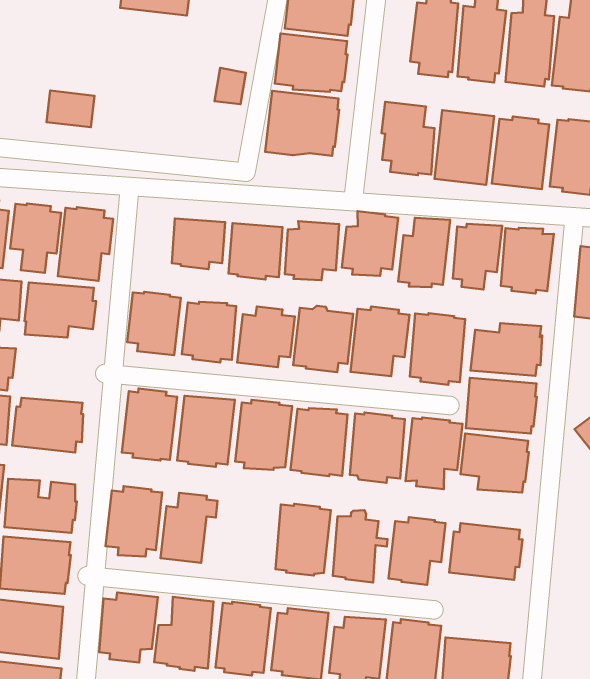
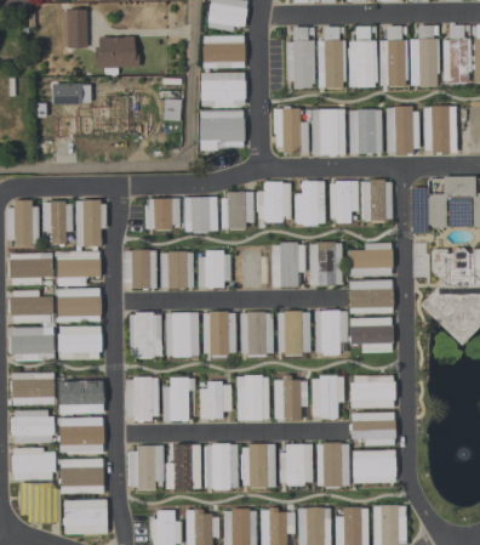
building: [47,91,95,127] -> [53,84,82,104]
building: none -> [57,288,102,322]
building: none -> [200,381,233,419]
building: none -> [352,411,396,445]

